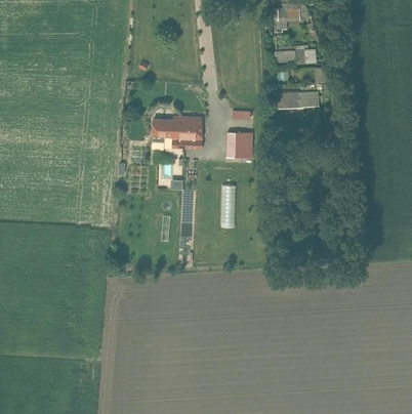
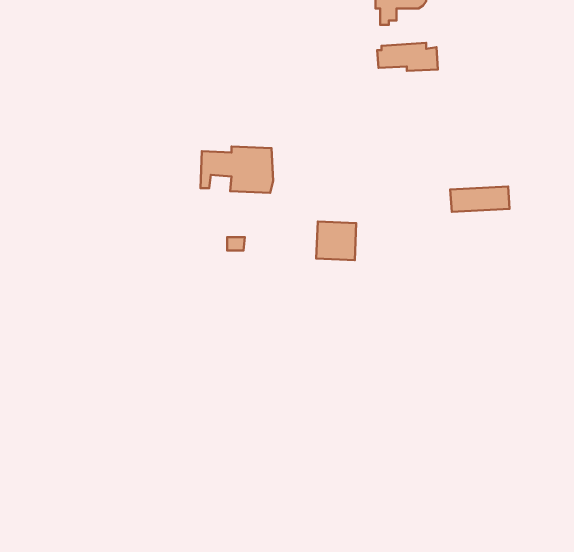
building: [277,91,318,109] -> [450,187,510,212]
building: [225,131,253,158] -> [316,222,356,260]

